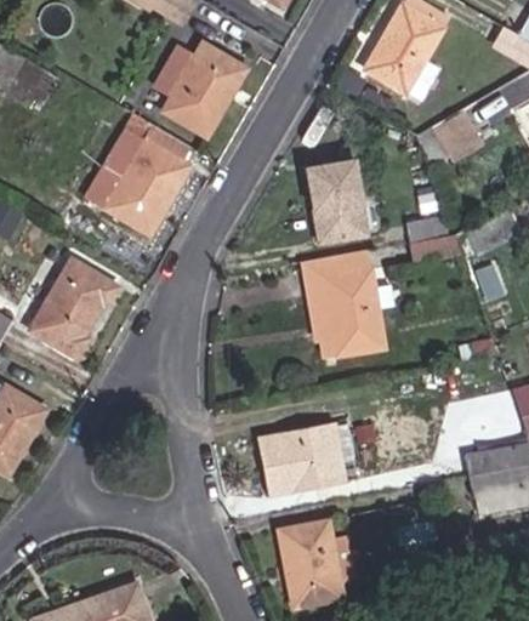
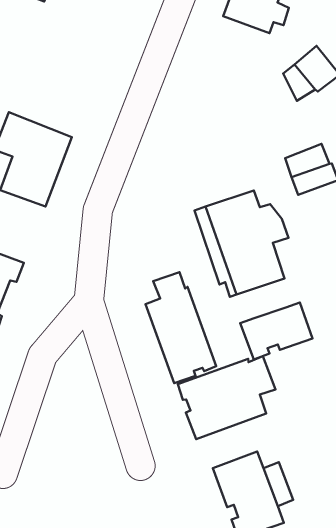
building: [155,42,245,133] -> none
building: [307,160,387,240] -> none
building: none -> [146,272,216,383]
building: none -> [240,302,312,359]

